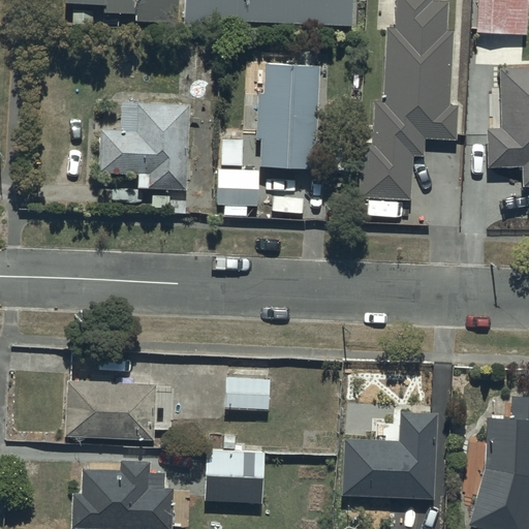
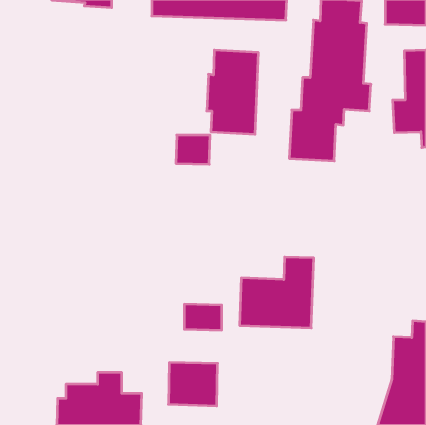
building: [98,98,192,187] -> none
building: [65,385,158,442] -> none
building: [345,412,437,500] -> [240,257,314,328]

